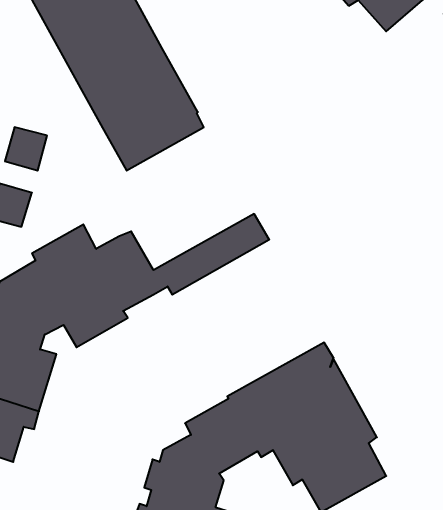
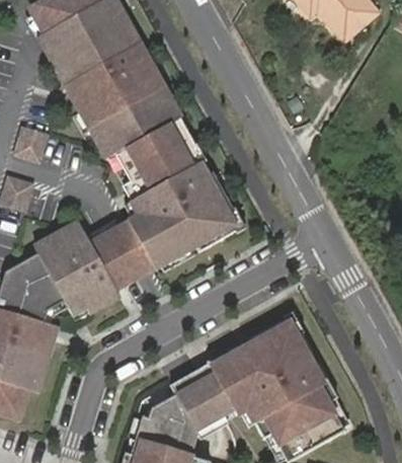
building: none -> [118,128,229,251]

